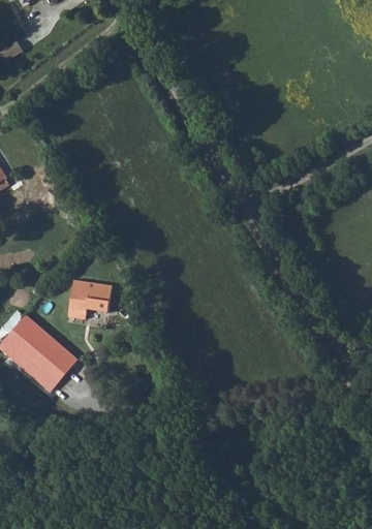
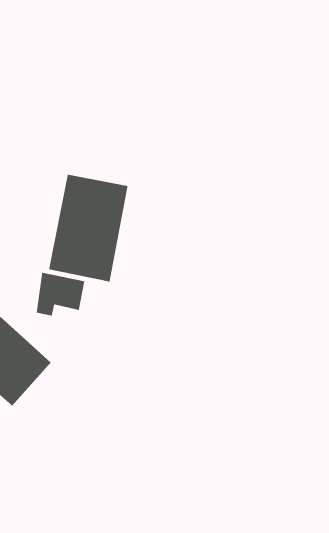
building: none -> [48,174,128,283]

